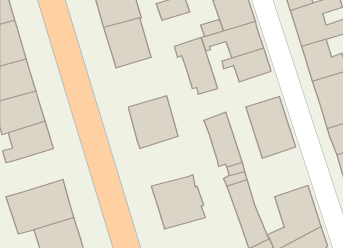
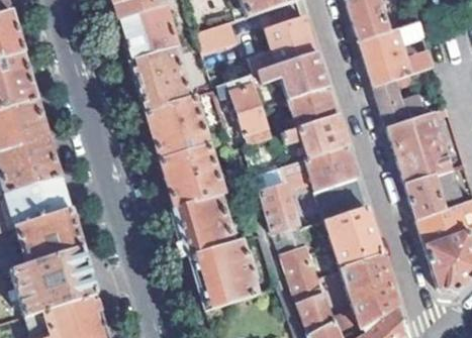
building: none -> [146,94,208,157]
building: none -> [271,113,347,158]
building: none -> [175,194,232,254]
building: none -> [325,206,382,267]
building: none -> [16,208,81,262]

